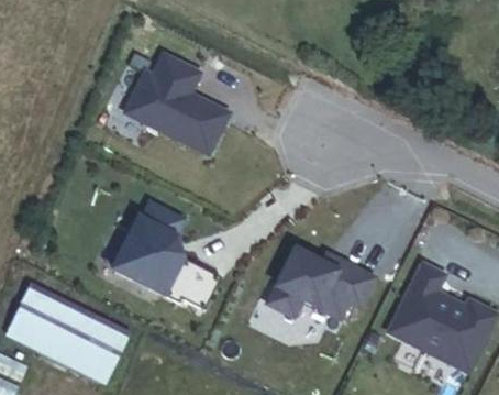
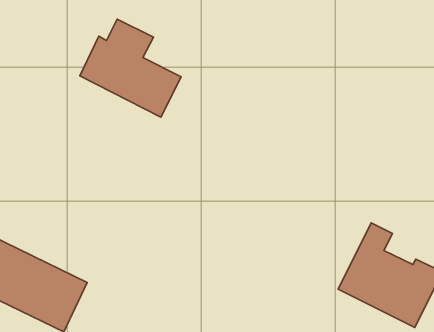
building: [112,205,221,310] -> none
building: [269,252,375,320] -> none

